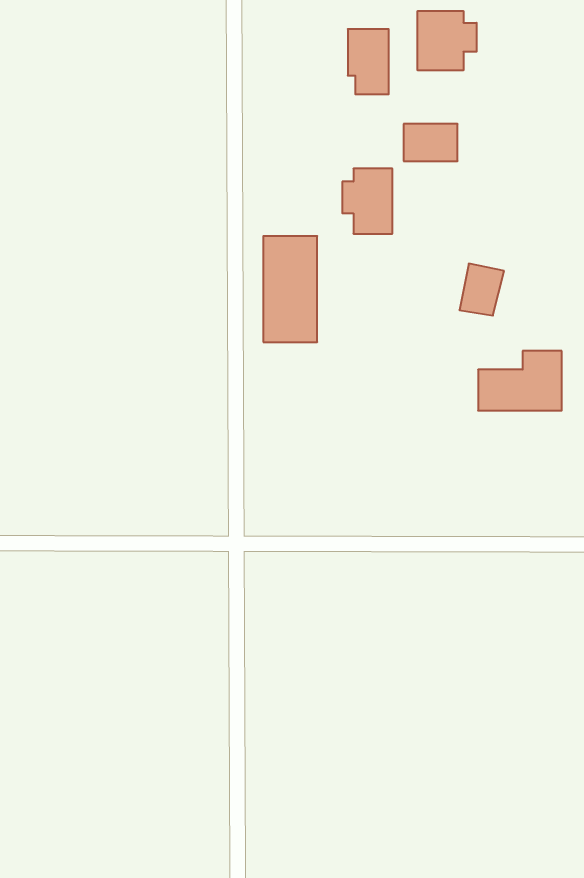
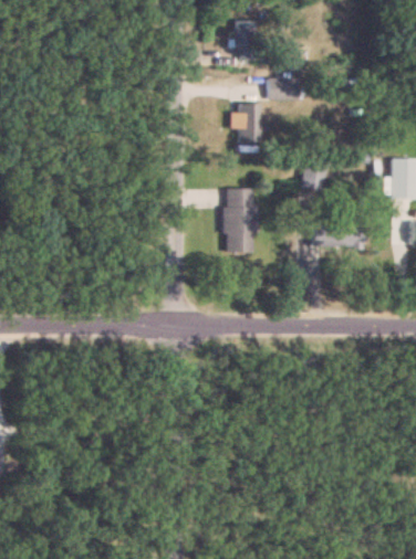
building: [418,11,477,70] -> none
building: [263,236,317,342] -> [223,189,256,252]

